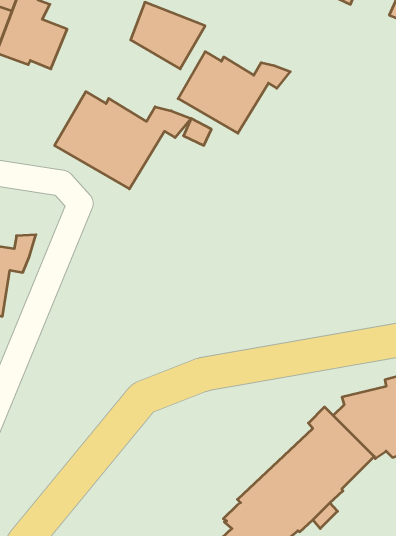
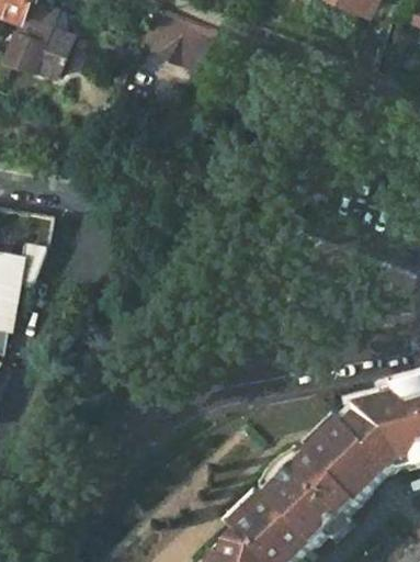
building: [178,52,290,133] -> none
building: [55,92,191,189] -> none

